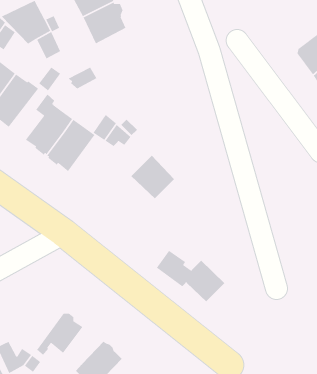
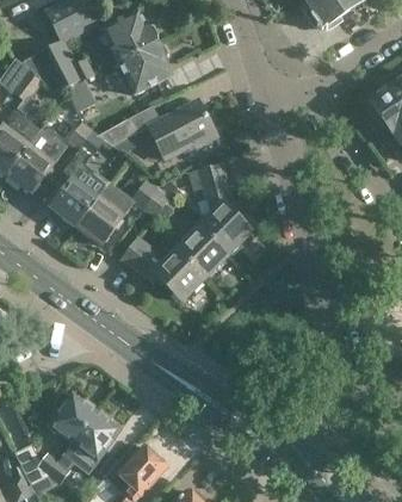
building: none -> [148,100,215,157]
building: none -> [190,163,252,253]
building: [156,250,225,302] -> [122,237,204,299]
building: none -> [45,392,95,442]

